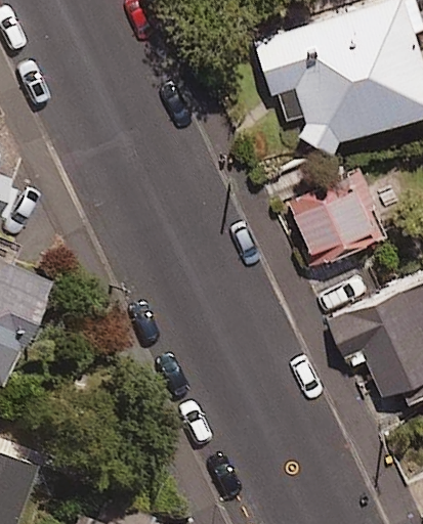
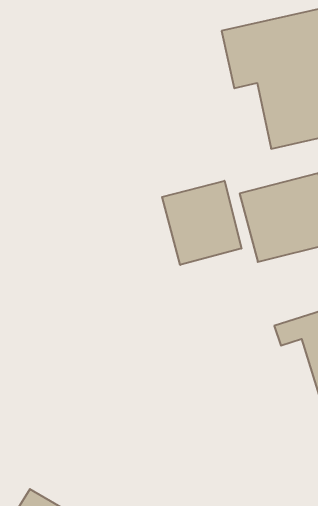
building: none -> [162,181,241,265]

